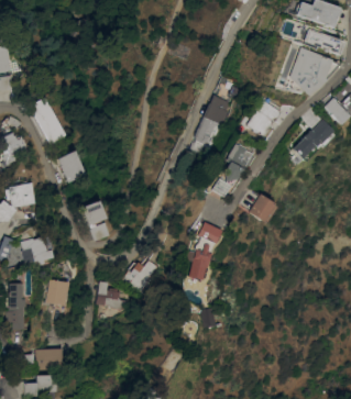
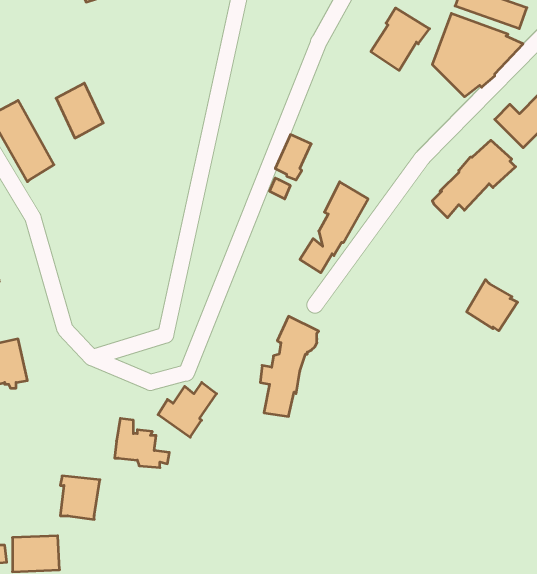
building: [201,96,227,124] -> none
building: [241,100,275,136] -> [371,8,430,70]
building: [57,151,85,182] -> [56,83,103,138]
building: [244,193,274,223] -> [467,280,518,331]
building: [83,201,111,241] -> none
building: [45,280,68,306] -> [60,476,100,519]

